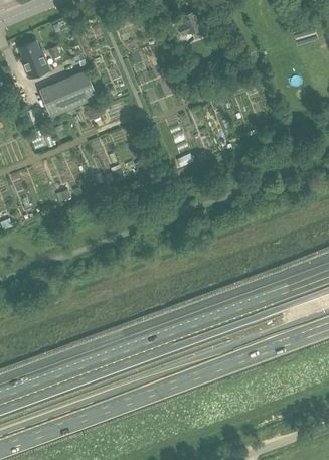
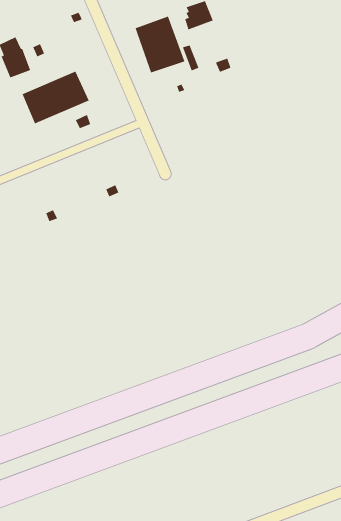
building: none -> [134,15,185,74]

